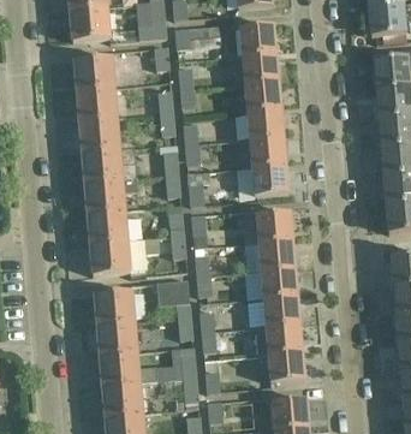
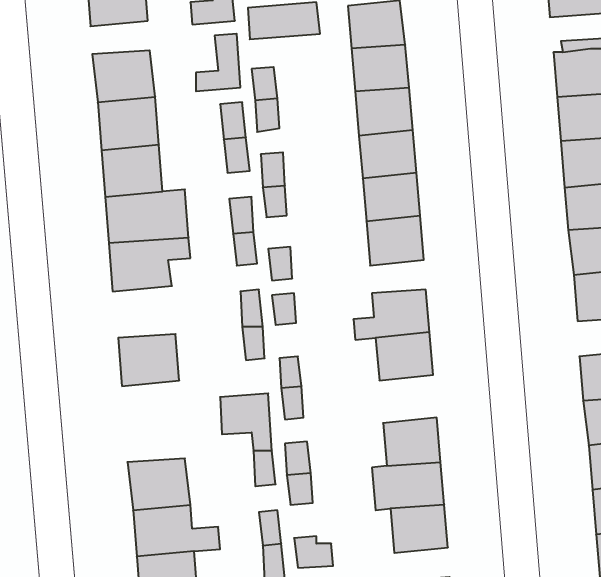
building: [87,209,127,243] -> none
building: [260,267,297,298] -> none
building: [94,290,133,323] -> none

